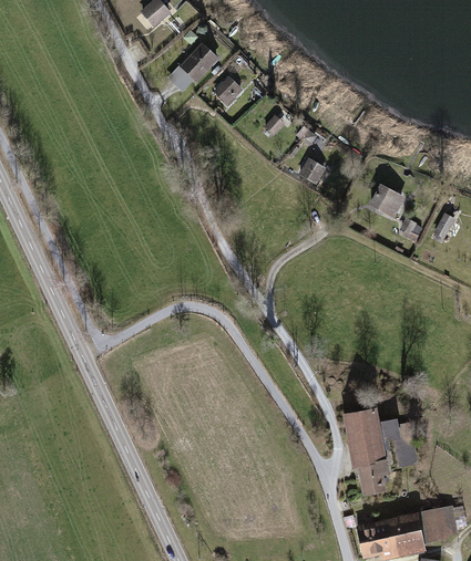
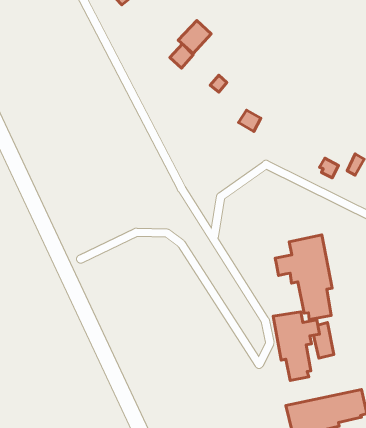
building: [178,42,219,83] -> [178,20,211,54]
building: [368,184,406,219] -> none
building: none -> [275,235,332,320]

